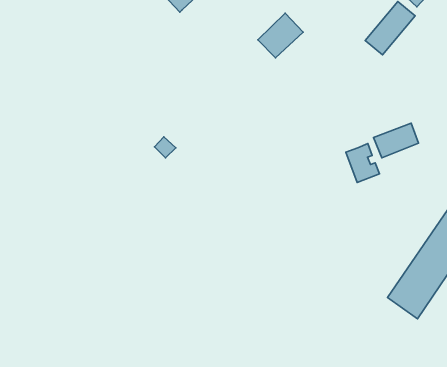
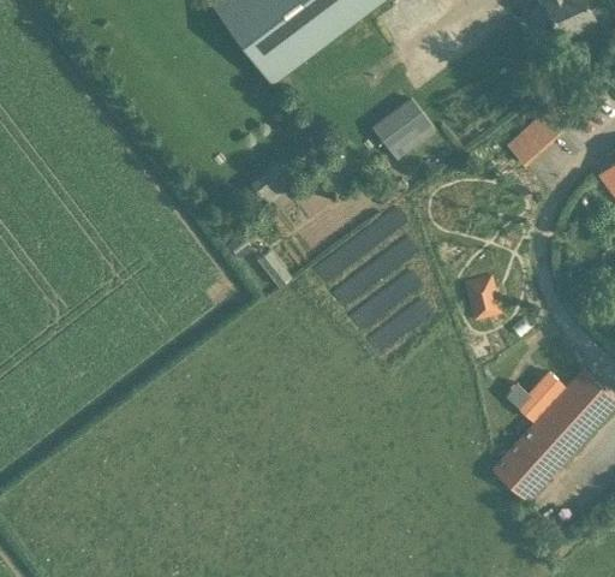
building: [374,123,418,158] -> none
building: none -> [506,371,563,421]

